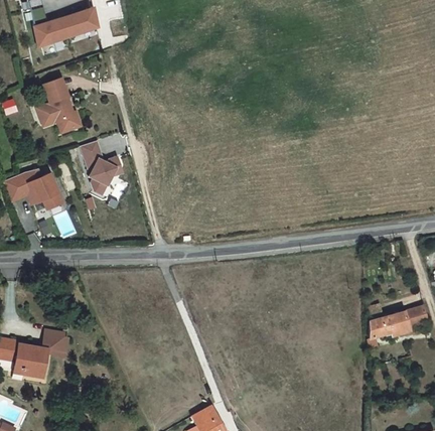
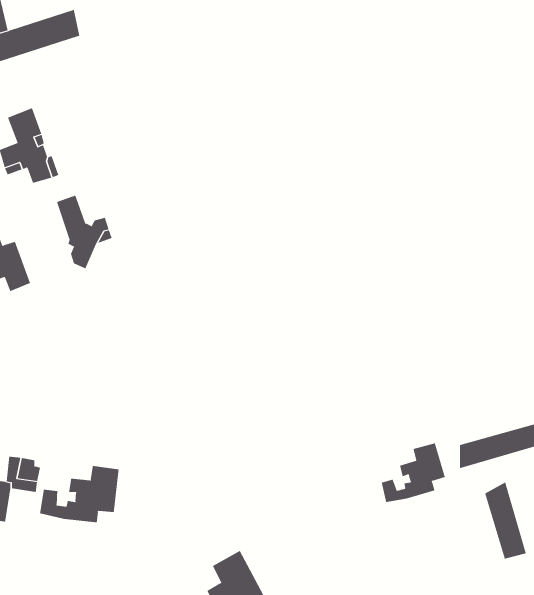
building: none -> [381,442,446,503]
building: none -> [40,465,119,523]
building: none -> [484,481,526,559]

